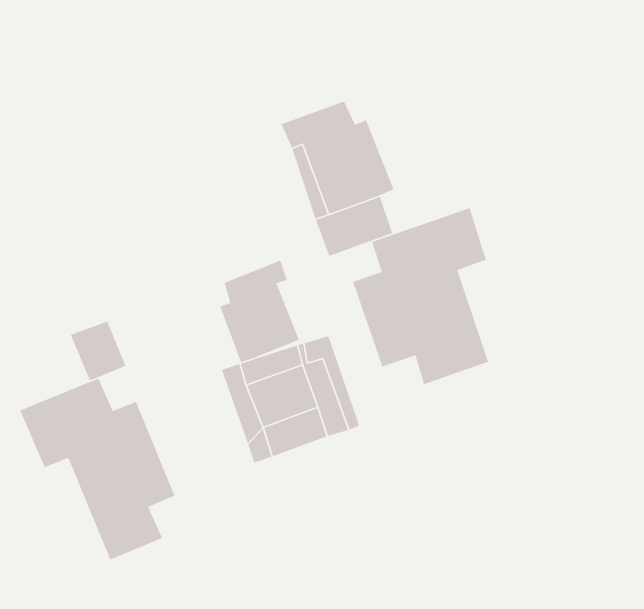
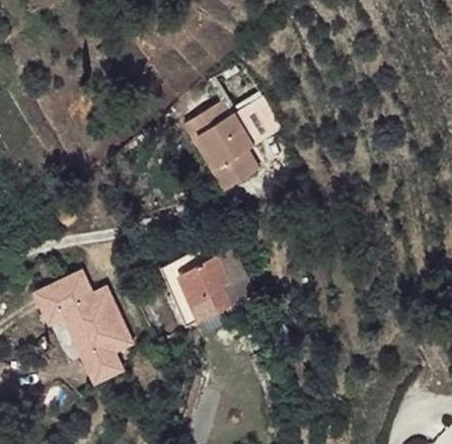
building: [352,207,489,385] -> none
building: [219,260,300,363] -> none
building: [70,320,126,381] -> none

